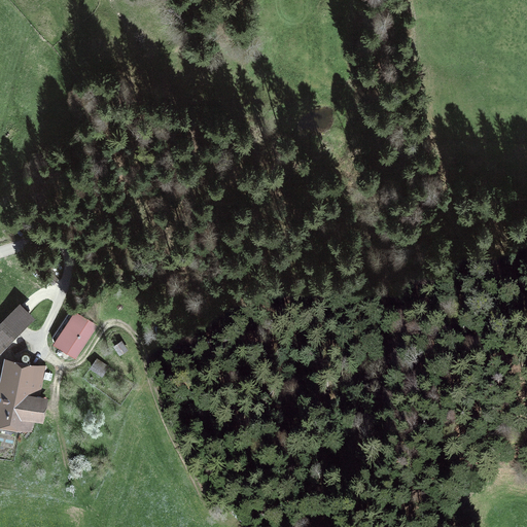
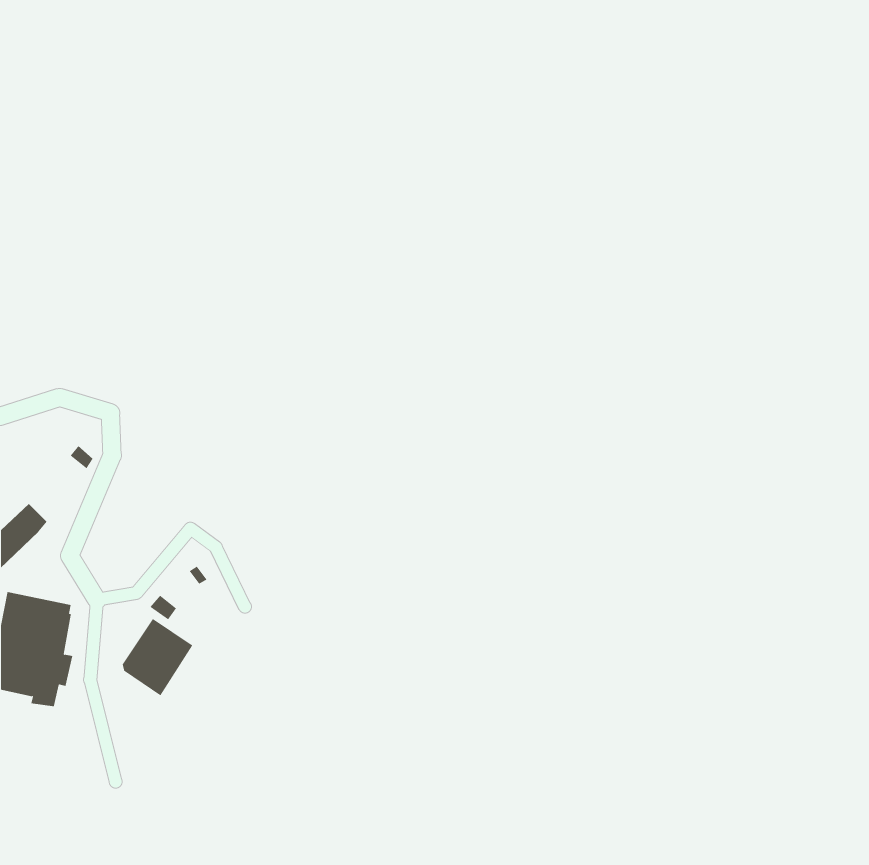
building: [50,310,94,357] -> [122,618,193,696]

